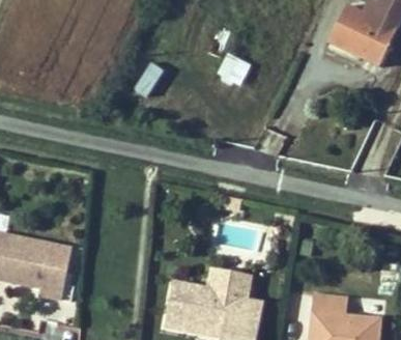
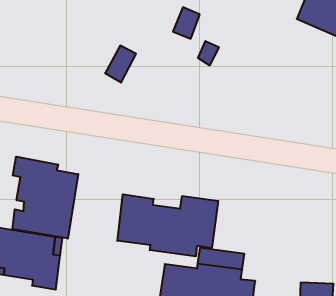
building: none -> [12,157,78,239]
building: none -> [117,194,218,256]

